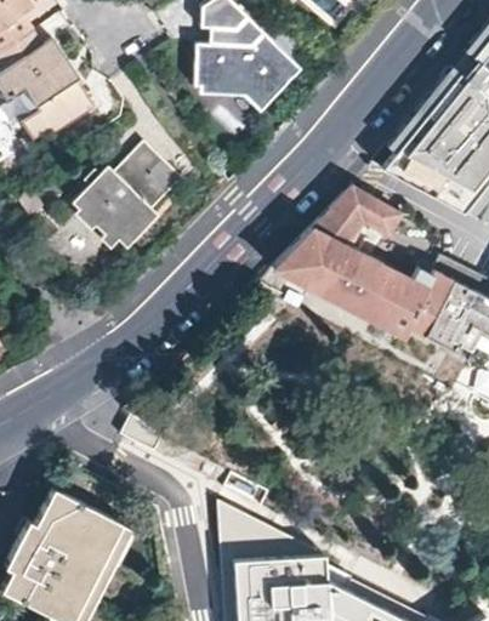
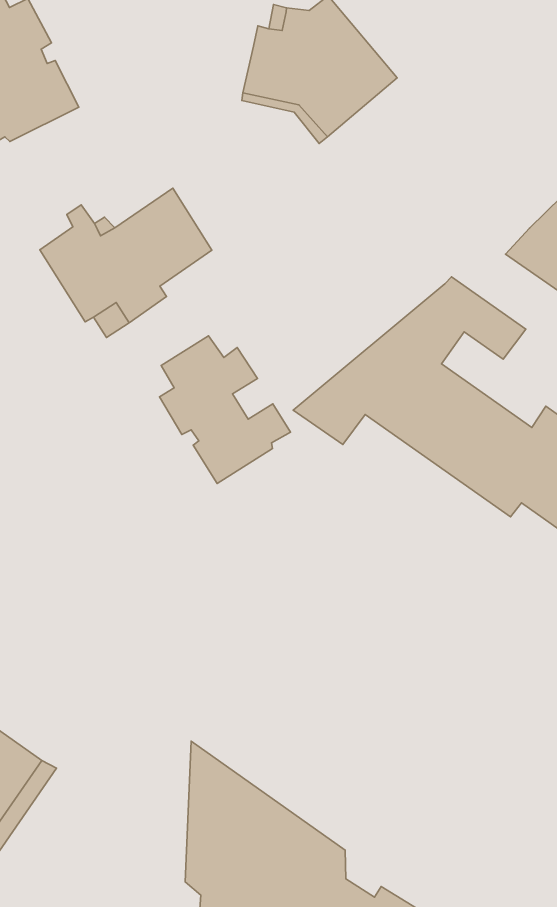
building: none -> [159,336,291,483]

